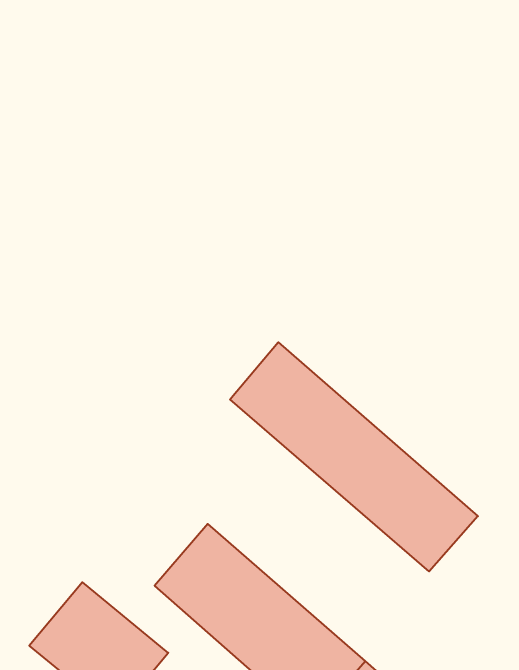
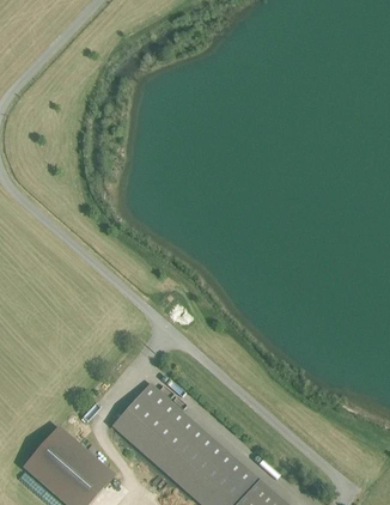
building: [230,342,478,571] -> none

